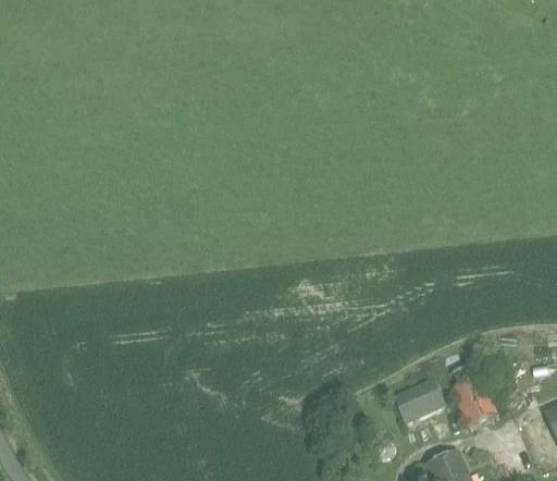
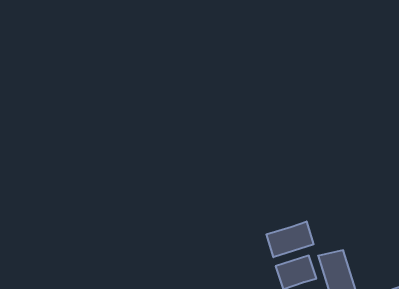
building: none -> [266,221,314,257]

